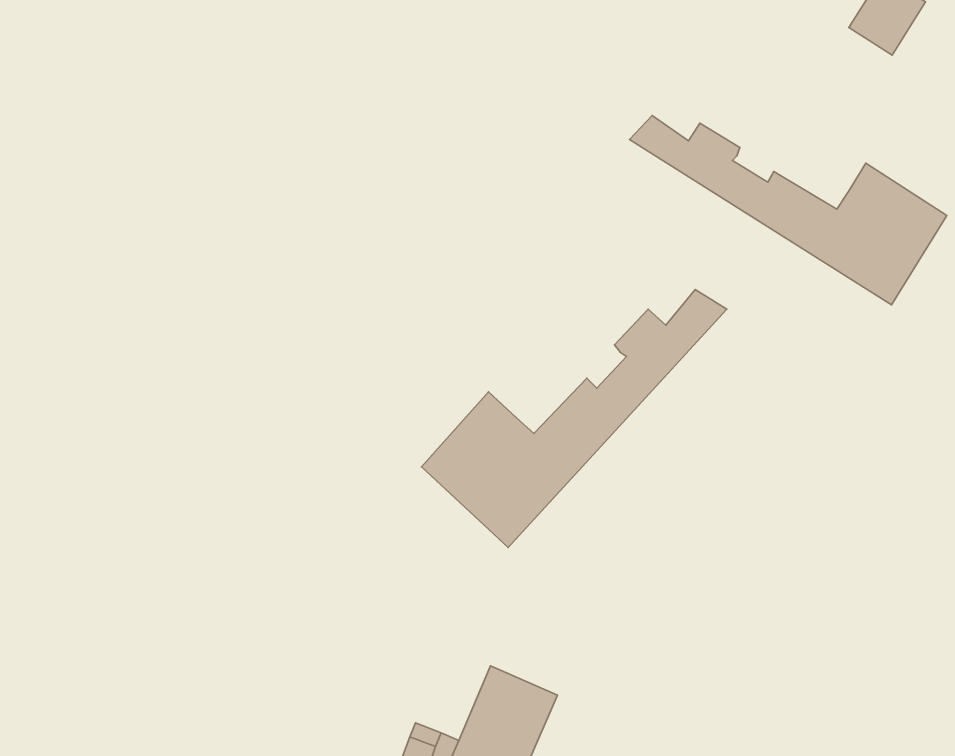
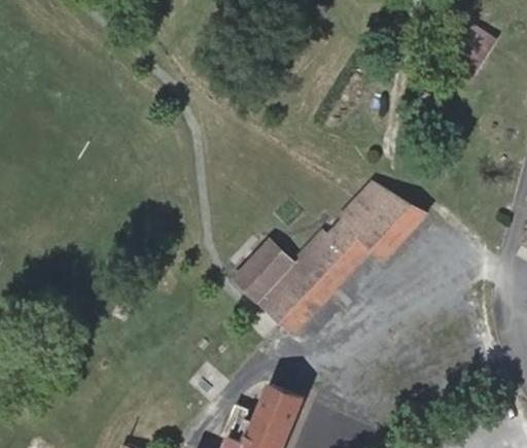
building: [629,116,947,305] -> none
building: none -> [279,198,422,334]

